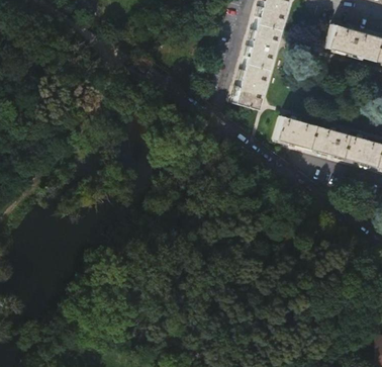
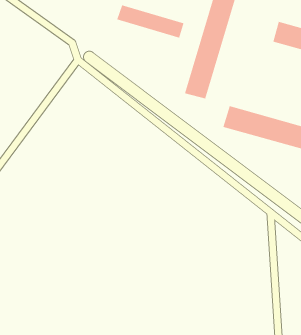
building: none -> [117,5,184,39]

